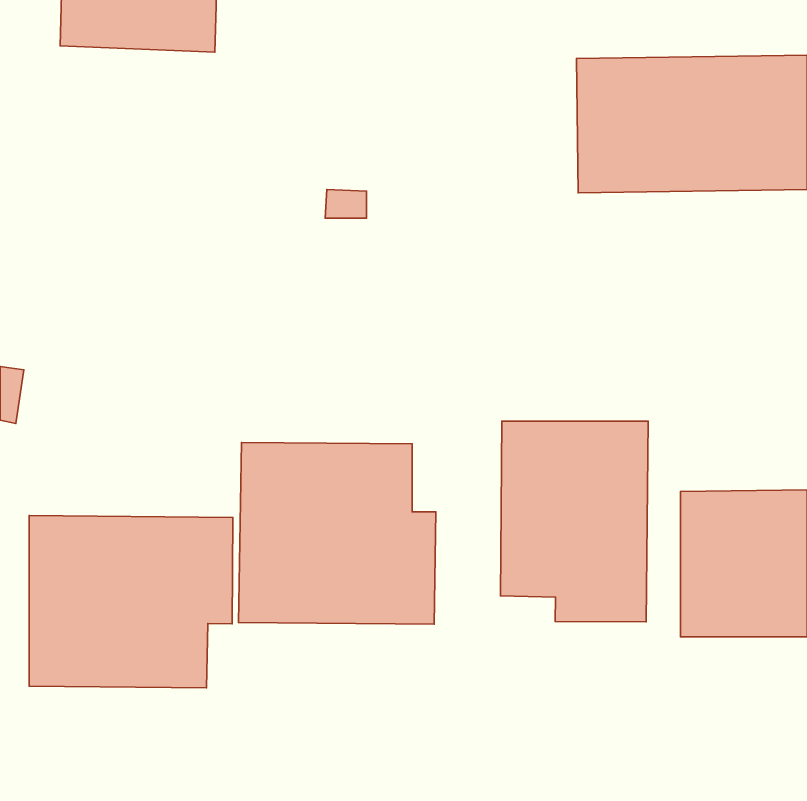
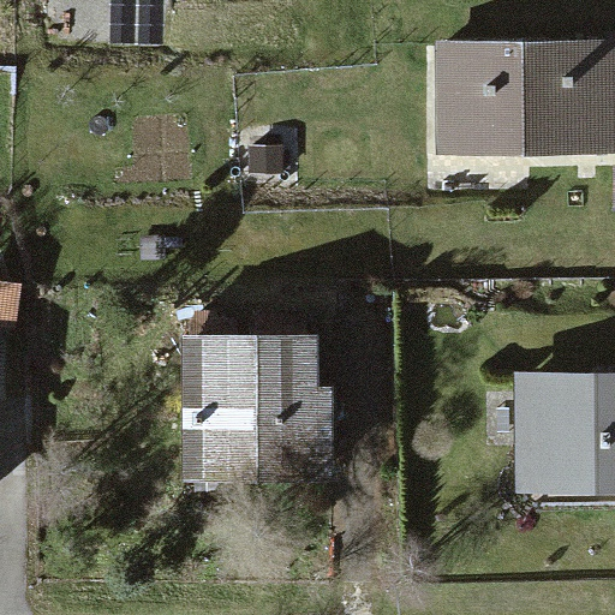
building: [500,421,648,622] -> none
building: [29,515,233,688] -> none

